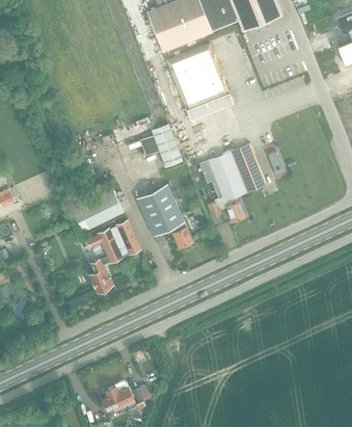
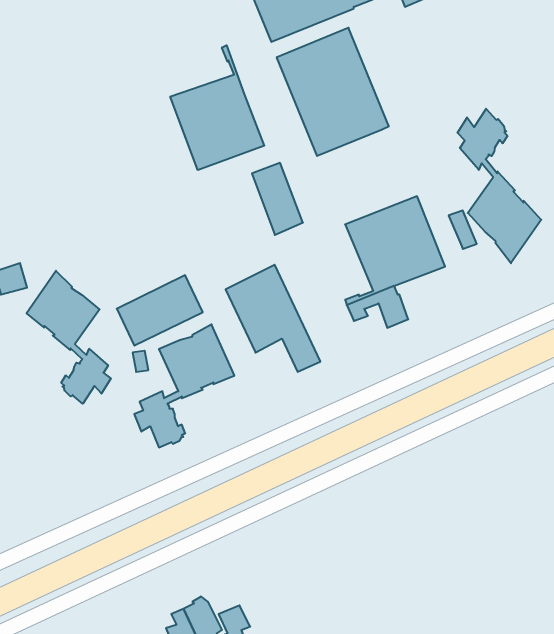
building: none -> [170,45,264,170]
building: none -> [457,109,541,263]
building: none -> [27,271,111,404]

